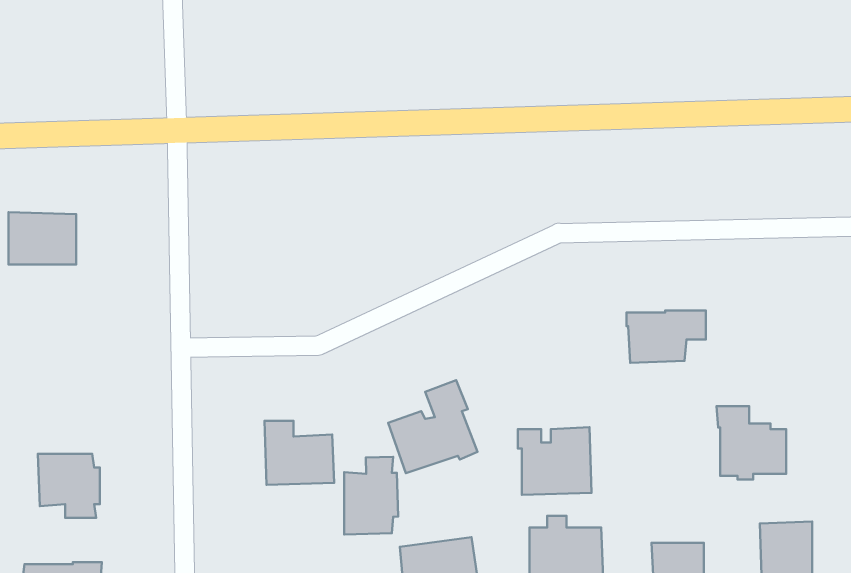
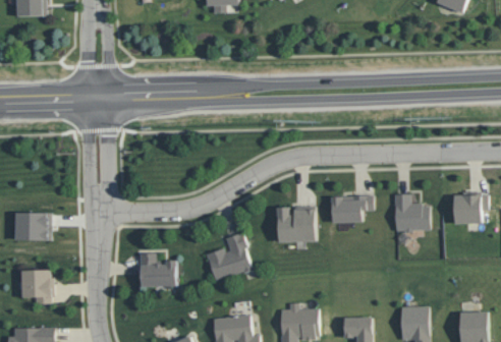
building: [8,212,76,265] -> [14,213,50,240]
building: [716,406,786,480] -> [392,194,429,233]
building: [518,427,592,495] -> [276,207,315,242]
building: [344,457,398,534] -> none

